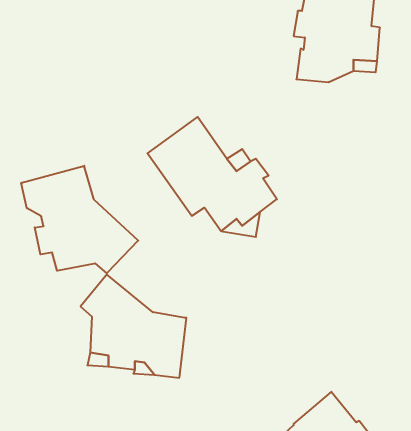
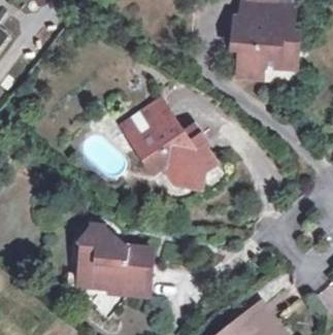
building: [21,166,138,273] -> none

